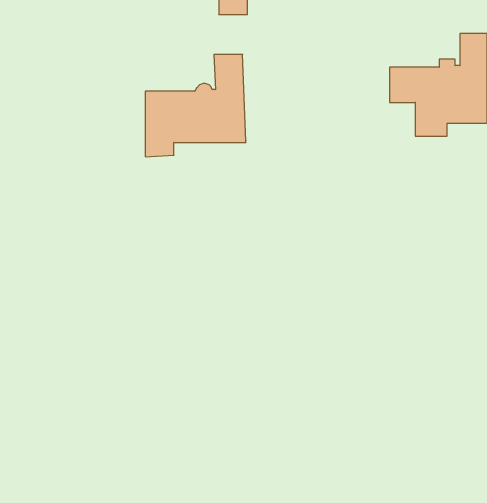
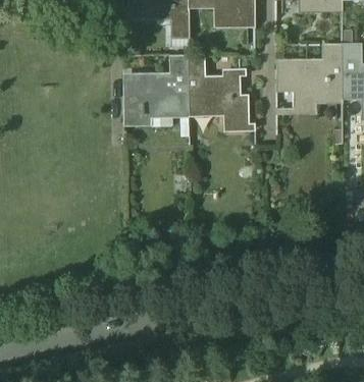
building: none -> [187,57,249,127]

